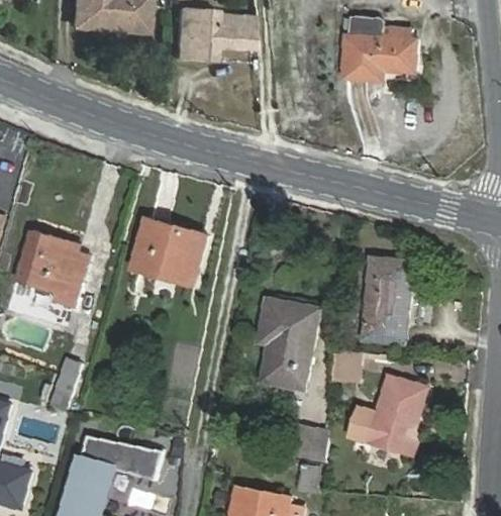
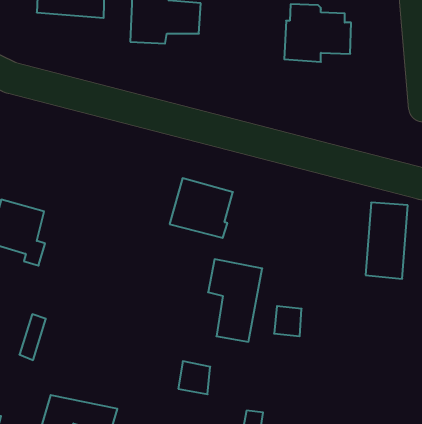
building: [131,219,201,285] -> [170,178,233,238]
building: [364,259,410,342] -> [366,203,408,279]
building: [347,375,426,453] -> none
building: [291,423,326,459] -> [178,361,210,394]

